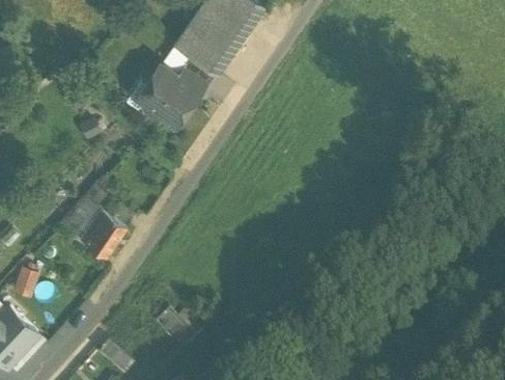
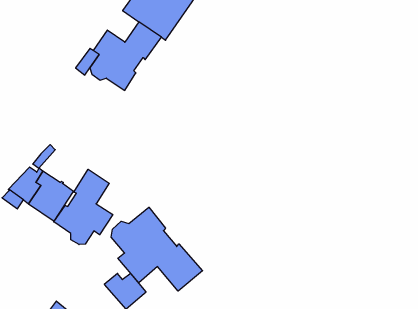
building: none -> [54,169,113,245]
building: none -> [111,207,203,291]

